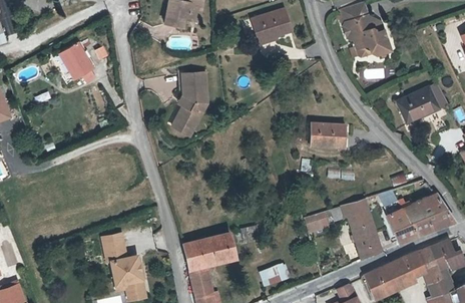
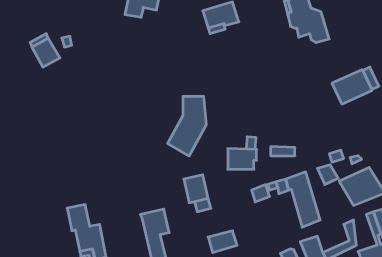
building: [167,71,210,137] -> [168,96,206,156]
building: [310,123,342,146] -> [228,149,257,169]
building: [389,209,419,242] -> none
building: [208,233,236,264] -> [184,175,208,203]
building: [419,244,445,285] -> none
building: [379,255,414,286] -> none

